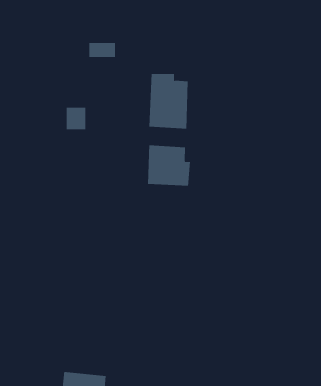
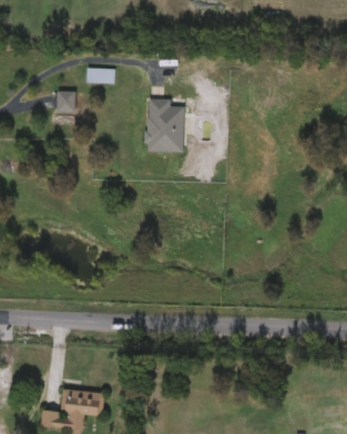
building: [66,107,86,130] -> [55,90,75,112]
building: [148,144,190,186] -> none

